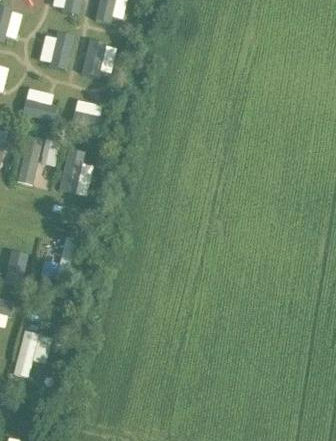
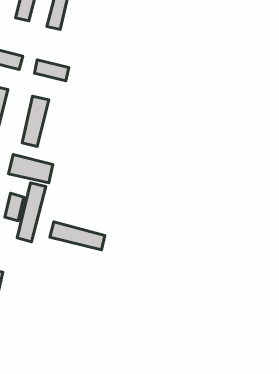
building: none -> [8,155,53,183]
building: none -> [50,222,105,250]

